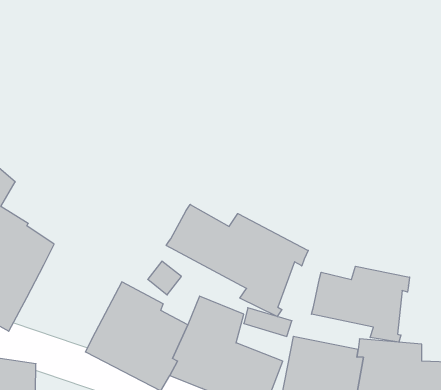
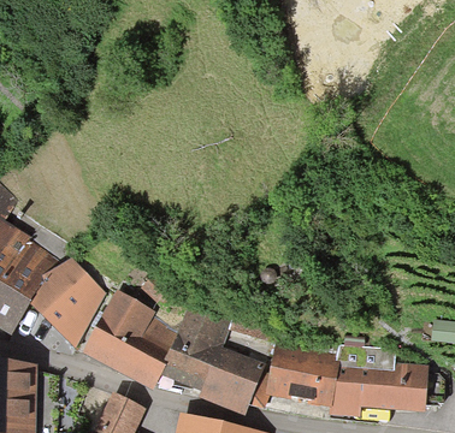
building: [166,204,308,317] -> none
building: none -> [29,257,106,348]
building: [311,266,410,342] -> none

